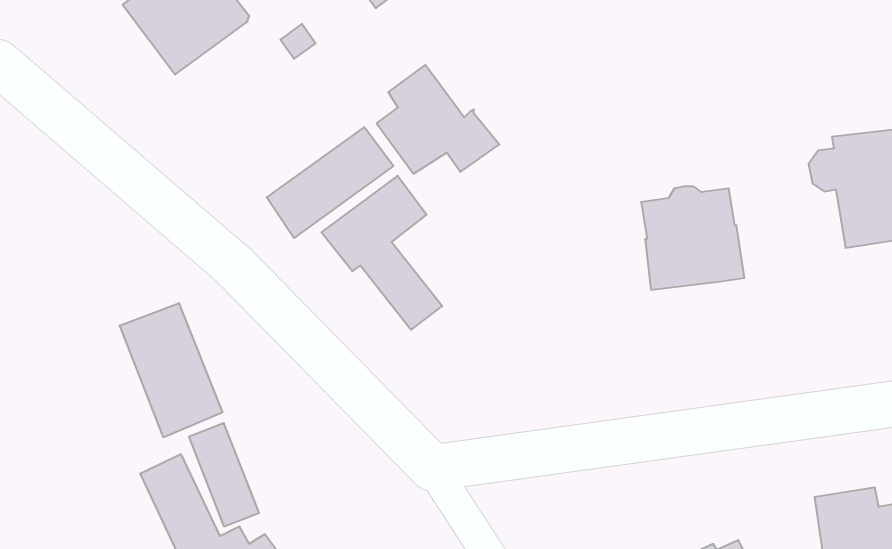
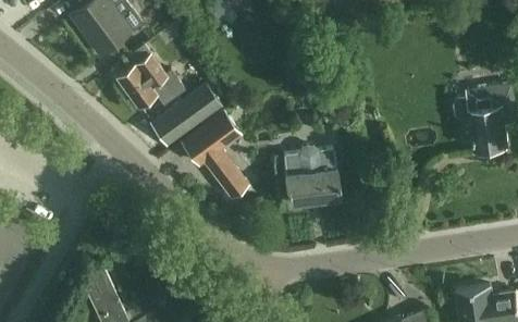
building: [377,65,499,174] -> [116,46,185,107]
building: [641,186,744,290] -> [282,147,340,205]
building: [120,303,222,437] -> none

